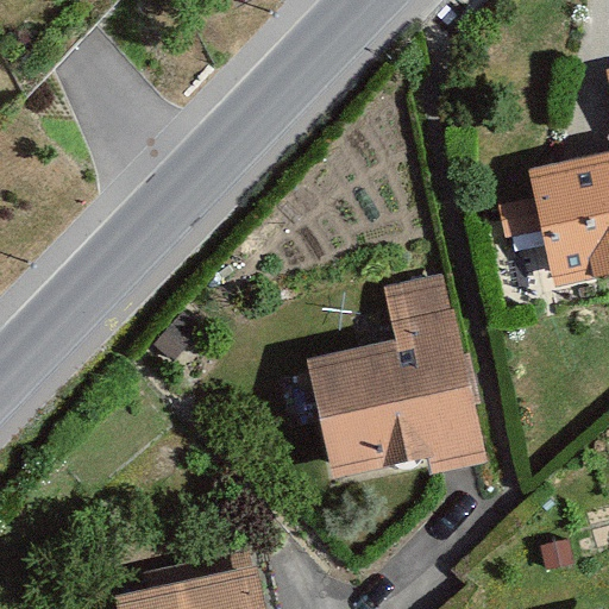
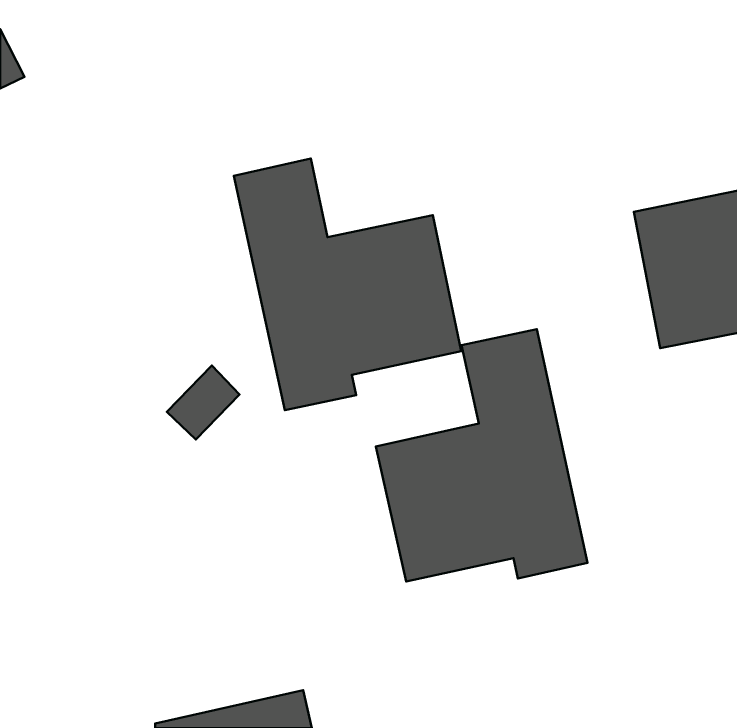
building: none -> [234,159,461,410]

